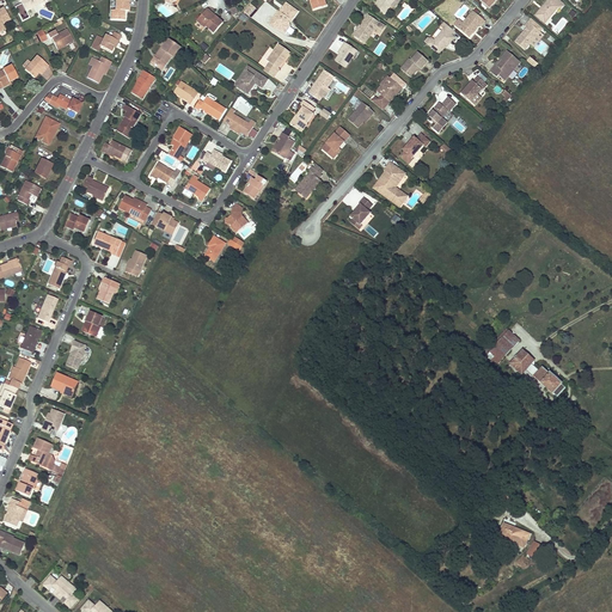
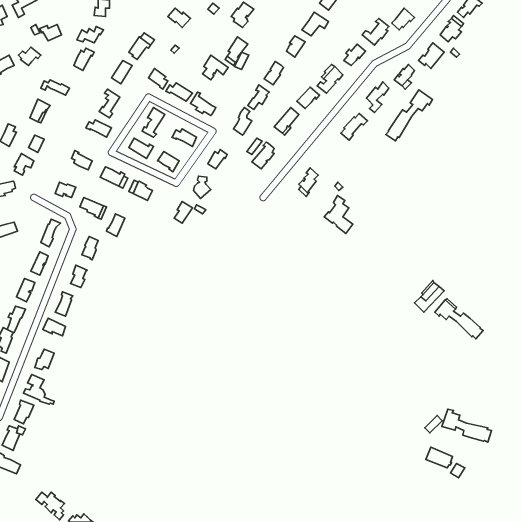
building: none -> [386,90,433,141]
building: [373,161,406,206] -> [324,195,353,233]
building: none -> [442,409,492,442]

